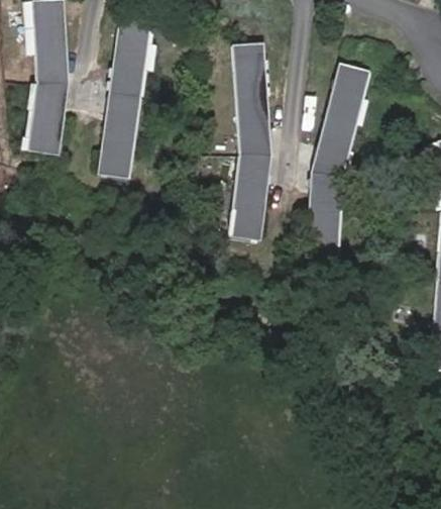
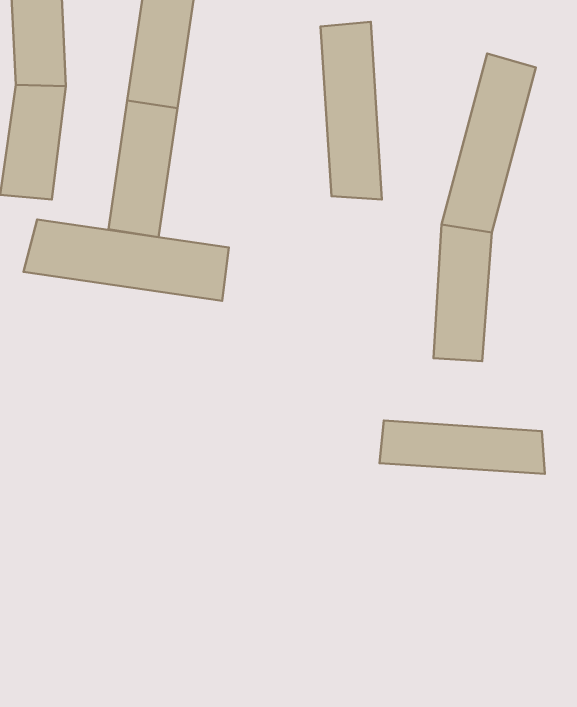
building: [228,154,271,240] -> none
building: none -> [23,219,229,301]
building: none -> [380,421,545,474]

